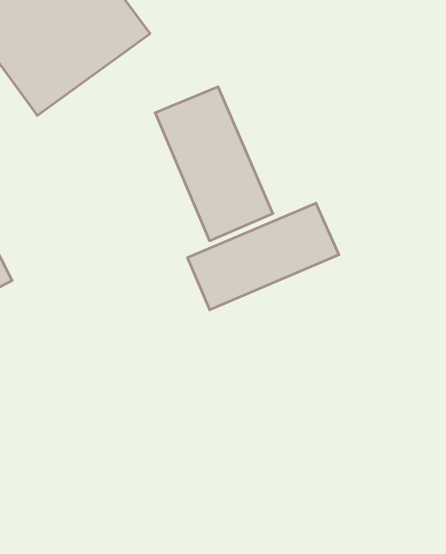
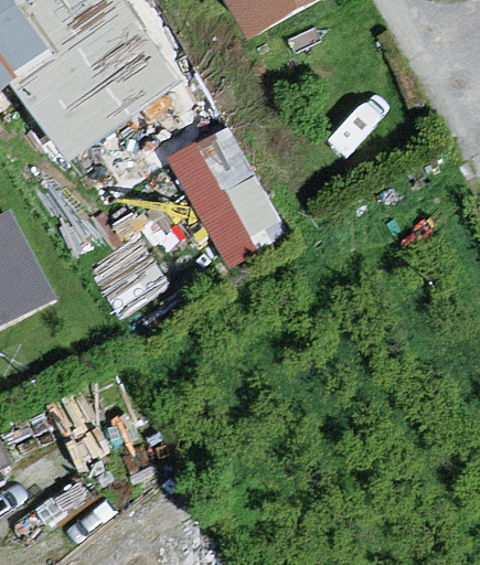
building: [188,203,339,310] -> none

